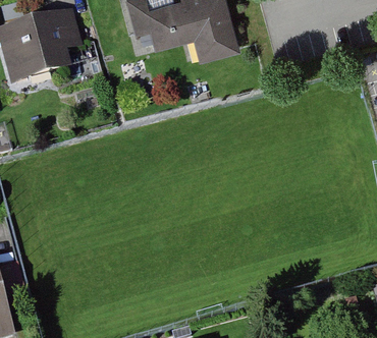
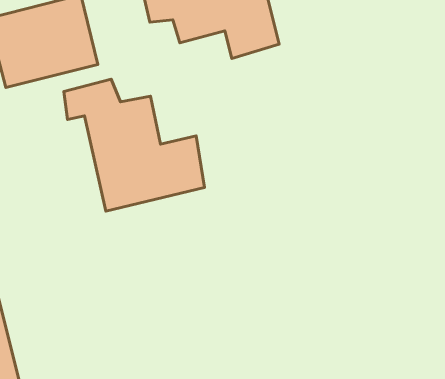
building: none -> [64,79,205,211]

